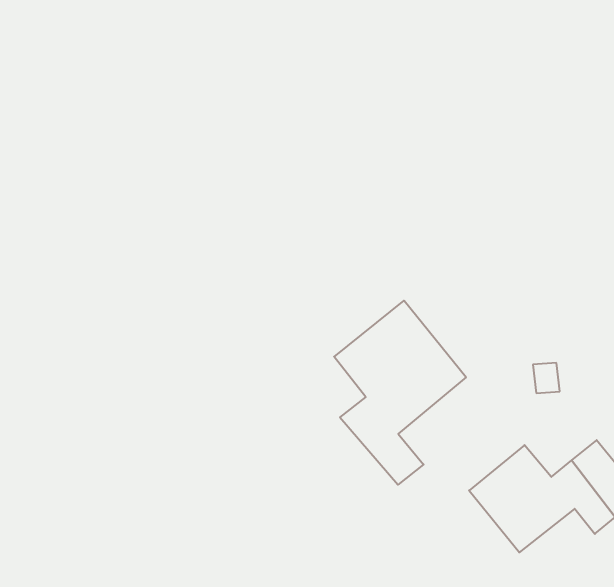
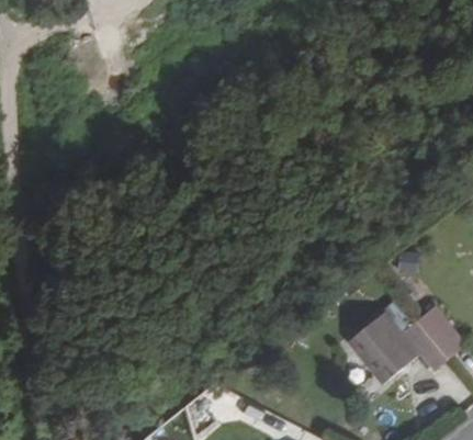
building: [334,301,466,485] -> none

